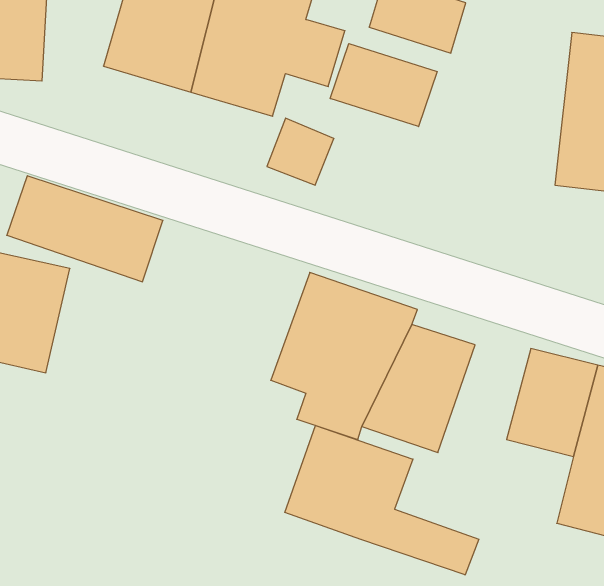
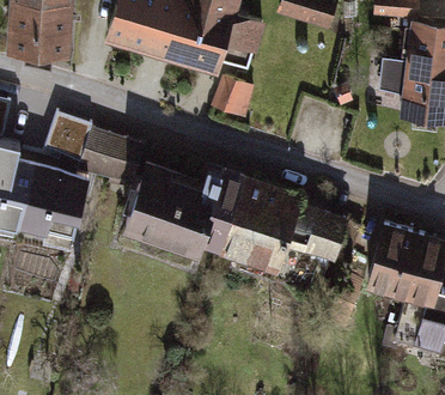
building: [330,44,437,127] -> none
building: none -> [129,165,240,253]
building: [285,425,479,575] -> none

